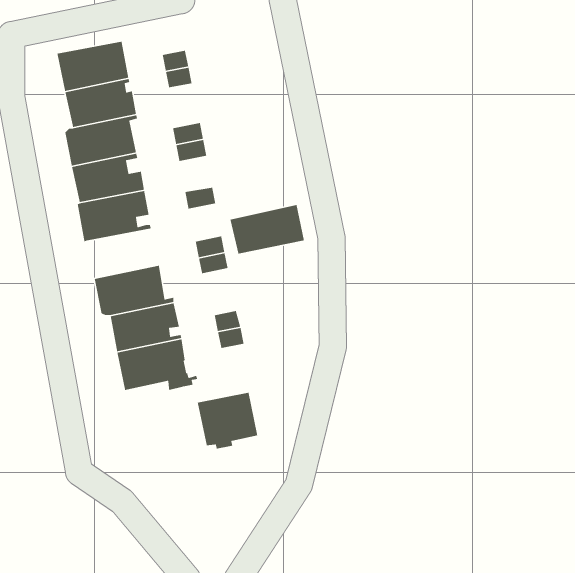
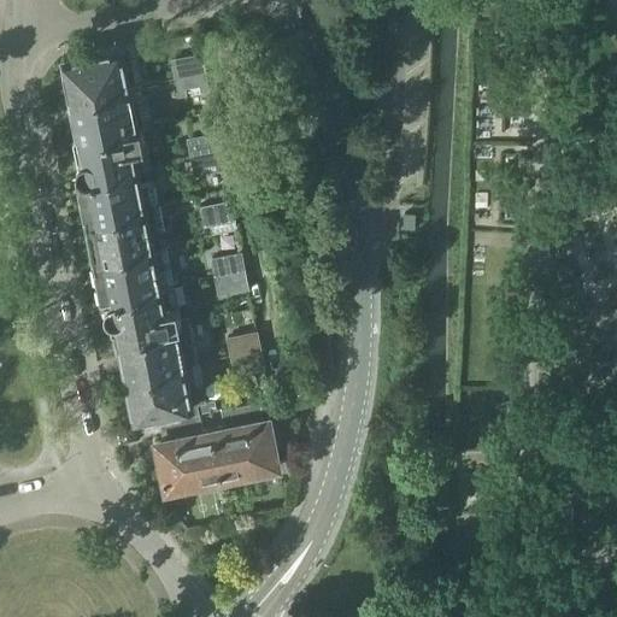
building: [230,204,305,254] -> none
building: none -> [93,249,170,302]
building: none -> [154,418,219,493]

